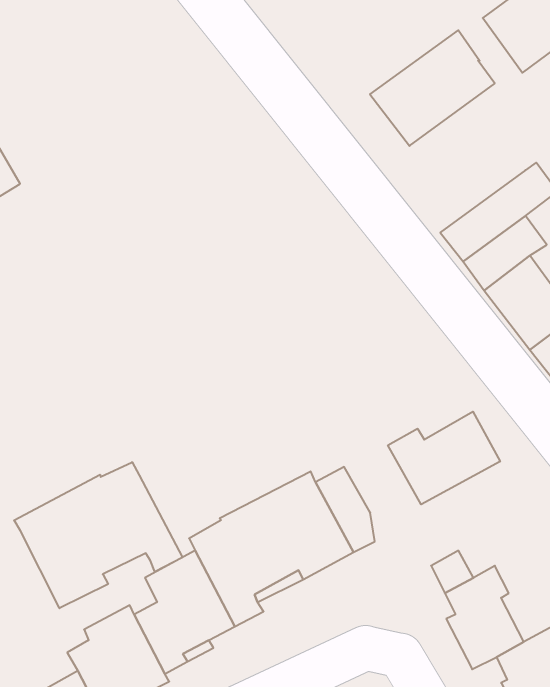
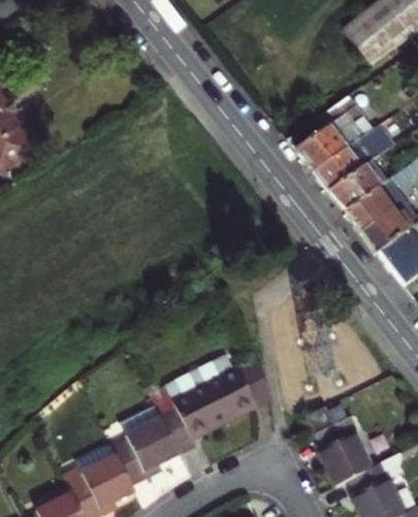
building: [370,30,495,146] -> [294,107,379,186]
building: [388,412,500,504] -> none
building: [14,462,182,608] -> none

